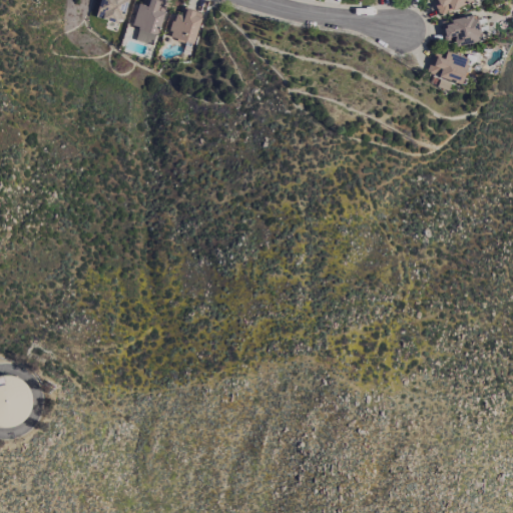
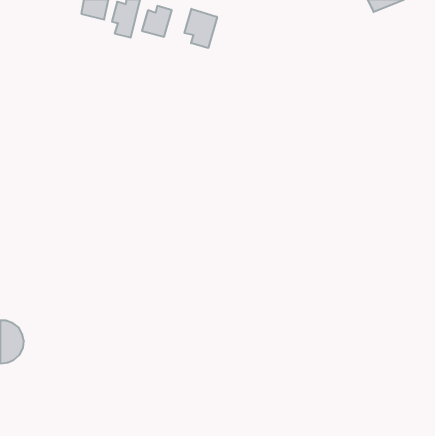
building: none -> [184,9,217,48]
building: [442,13,483,46] -> none
building: [428,50,470,83] -> none

